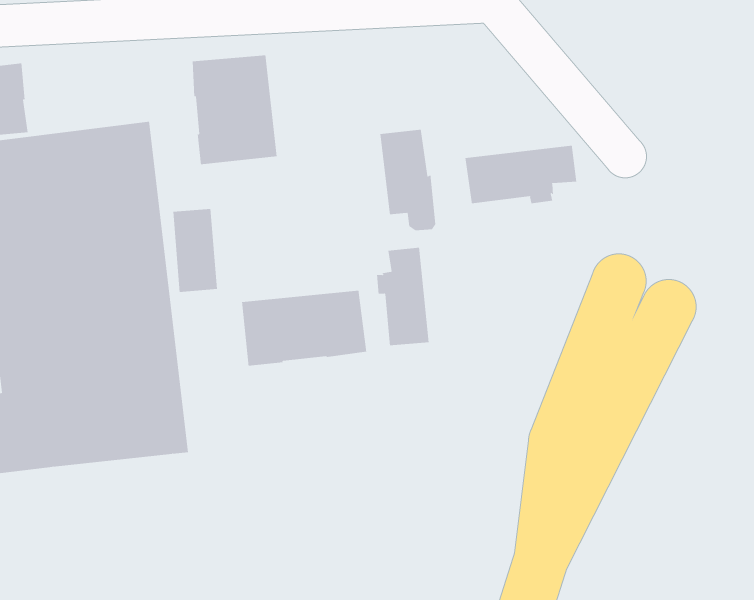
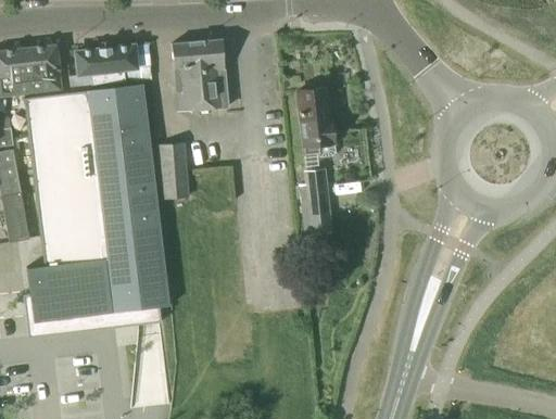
building: none -> [76,45,137,86]
building: [465,145,577,204] -> none
building: [241,290,367,366] -> none

